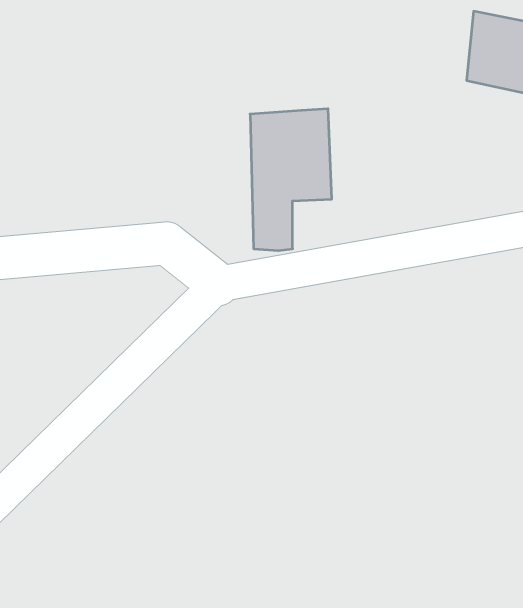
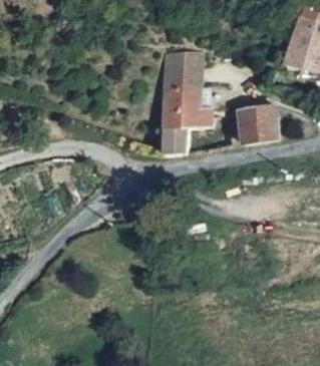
building: none -> [161,51,190,80]
building: none -> [239,99,273,153]

